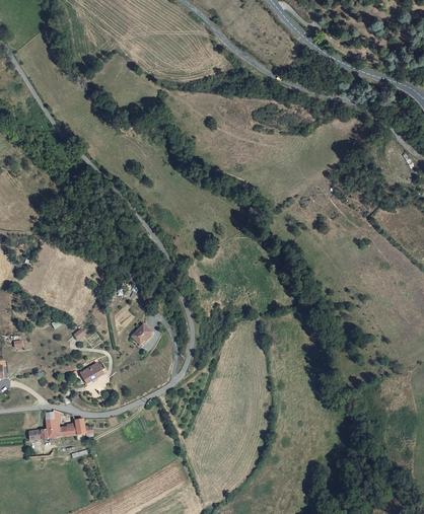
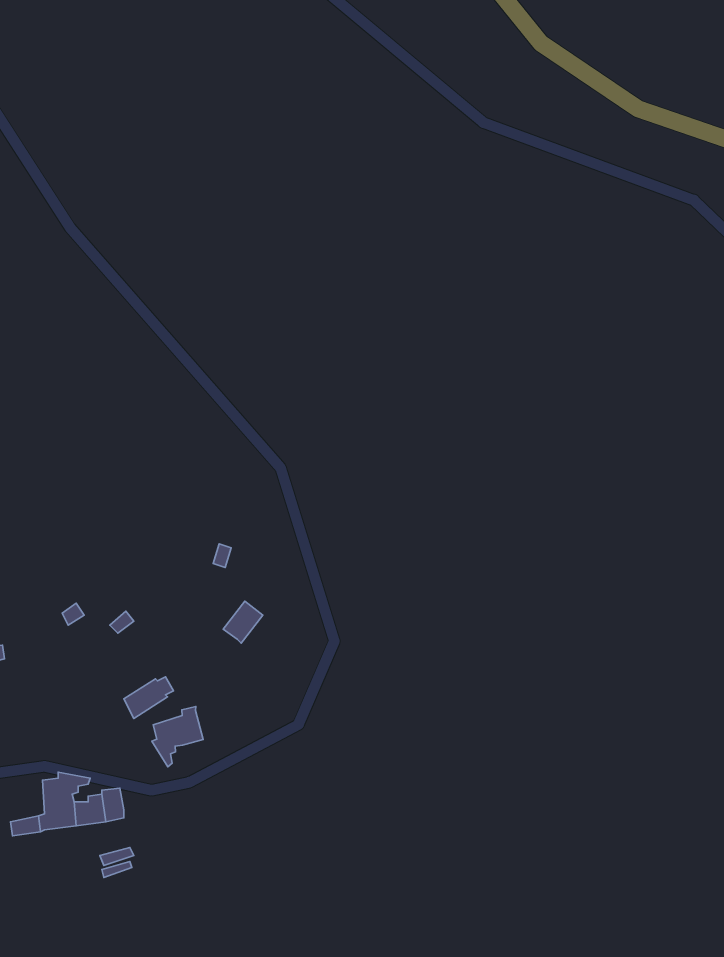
building: none -> [152,706,203,767]

